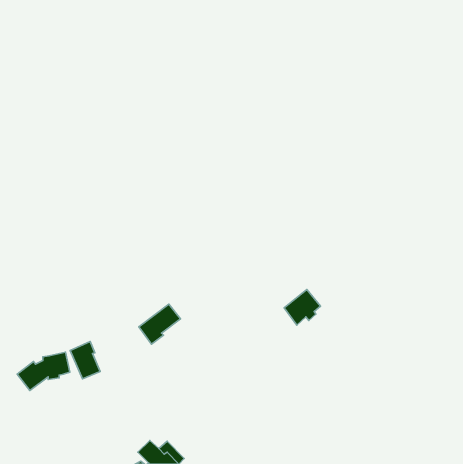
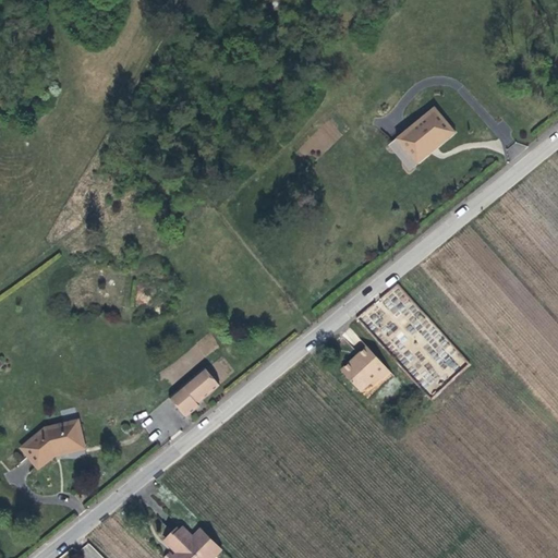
building: none -> [395,106,454,162]
building: [70,342,100,379] -> none

